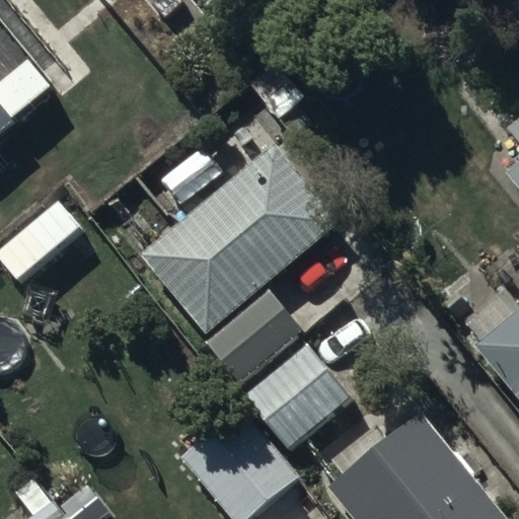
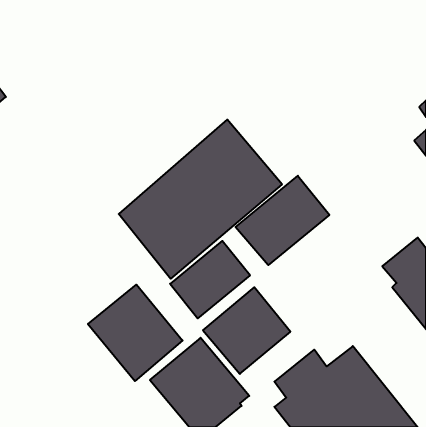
building: none -> [236,176,329,265]
building: none -> [88,285,183,381]

